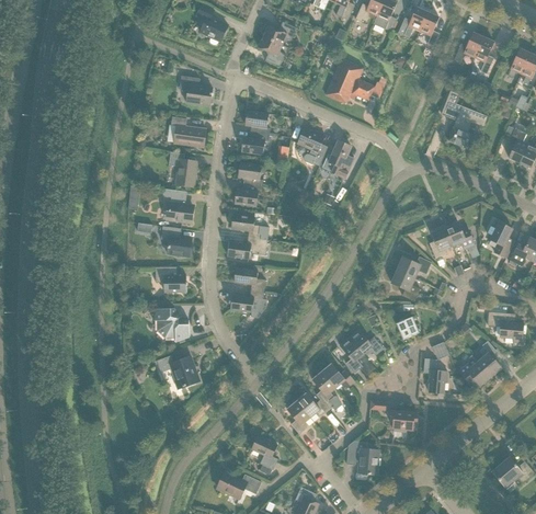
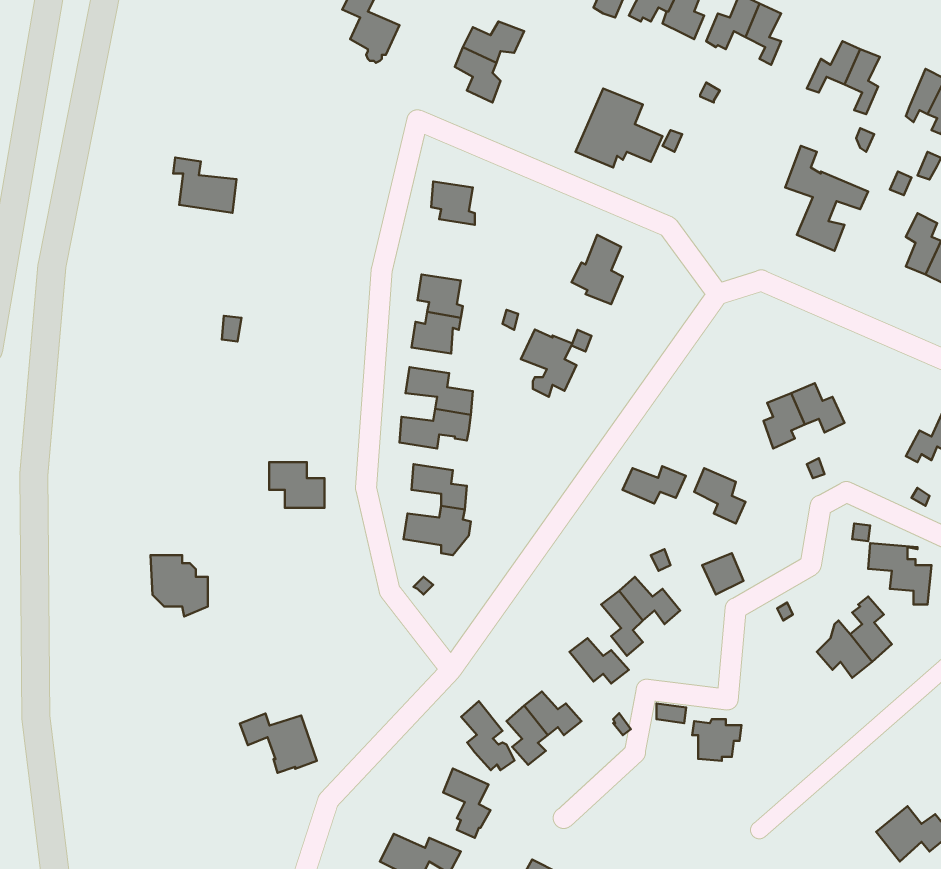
building: [180,76,213,106] -> none
building: [171,116,206,147] -> [173,158,236,213]
building: [297,127,328,164] -> [521,330,576,397]
building: [241,132,270,155] -> none
building: [169,151,197,185] -> none
building: [163,189,192,222] -> none
building: [487,222,513,258] -> none
building: [161,226,192,256] -> none
building: [397,256,432,277] -> [623,466,686,504]
building: [157,308,189,342] -> [150,555,208,616]
building: [157,355,199,388] -> [240,714,317,773]
building: [423,358,447,393] -> none
building: [312,372,342,410] -> [461,701,514,770]
building: [346,441,380,475] -> none

